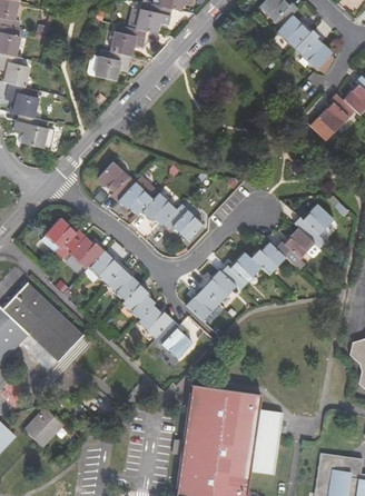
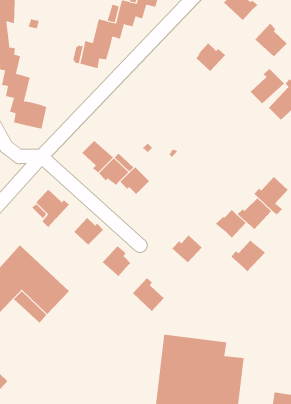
building: [277,14,312,48] -> [196,42,226,72]
building: none -> [250,68,285,104]
building: [161,204,201,241] -> none
building: [68,236,103,269] -> none
building: [220,252,260,289] -> [231,240,266,272]
building: [105,265,138,299] -> none
building: [185,286,218,320] -> none
building: [137,305,171,337] -> none
building: [24,409,65,449] -> none

